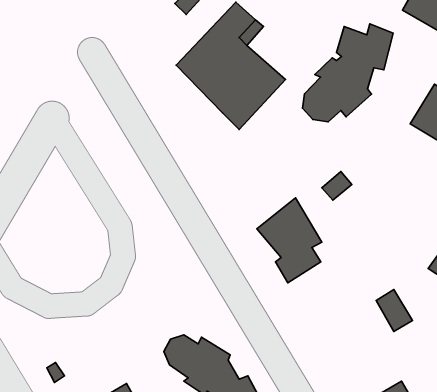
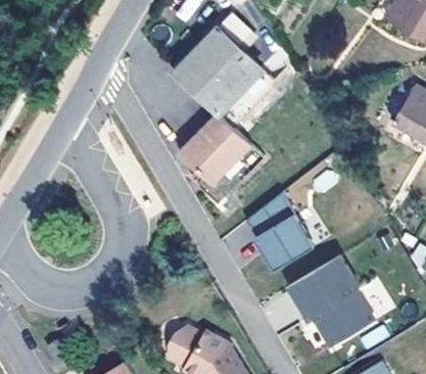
building: [302,24,393,122] -> none
building: none -> [178,113,258,201]
building: none -> [284,259,370,349]

